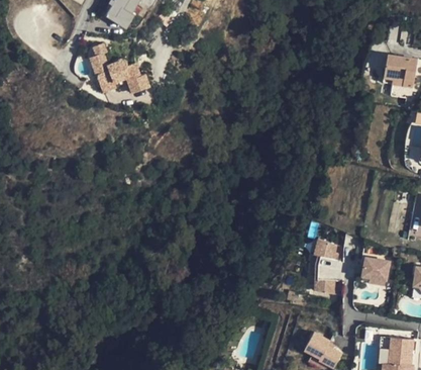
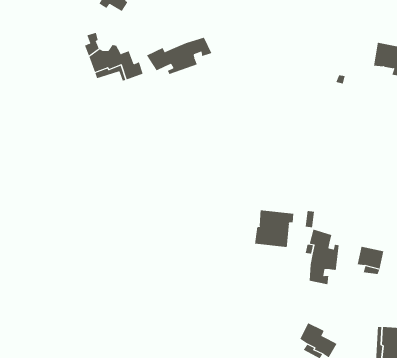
building: none -> [146,37,212,75]
building: none -> [255,209,294,248]

